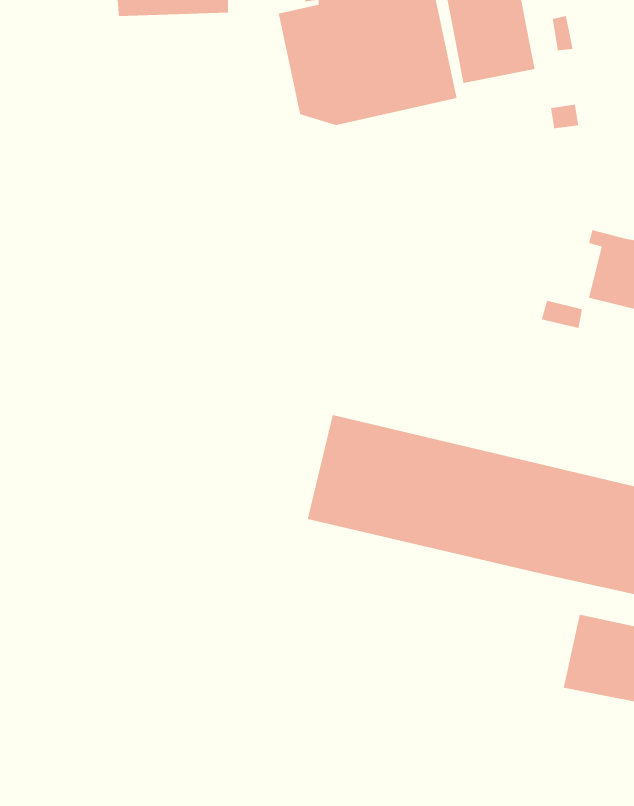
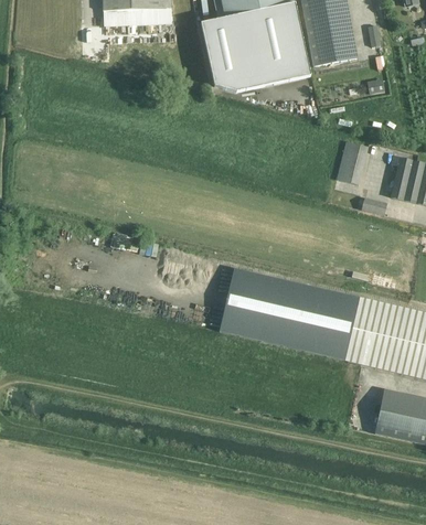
building: none -> [337,141,369,185]

